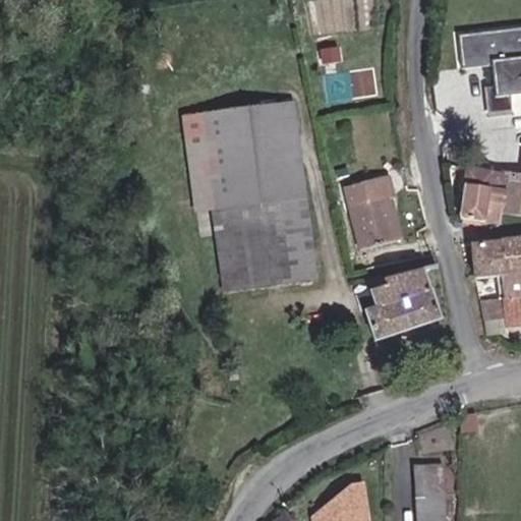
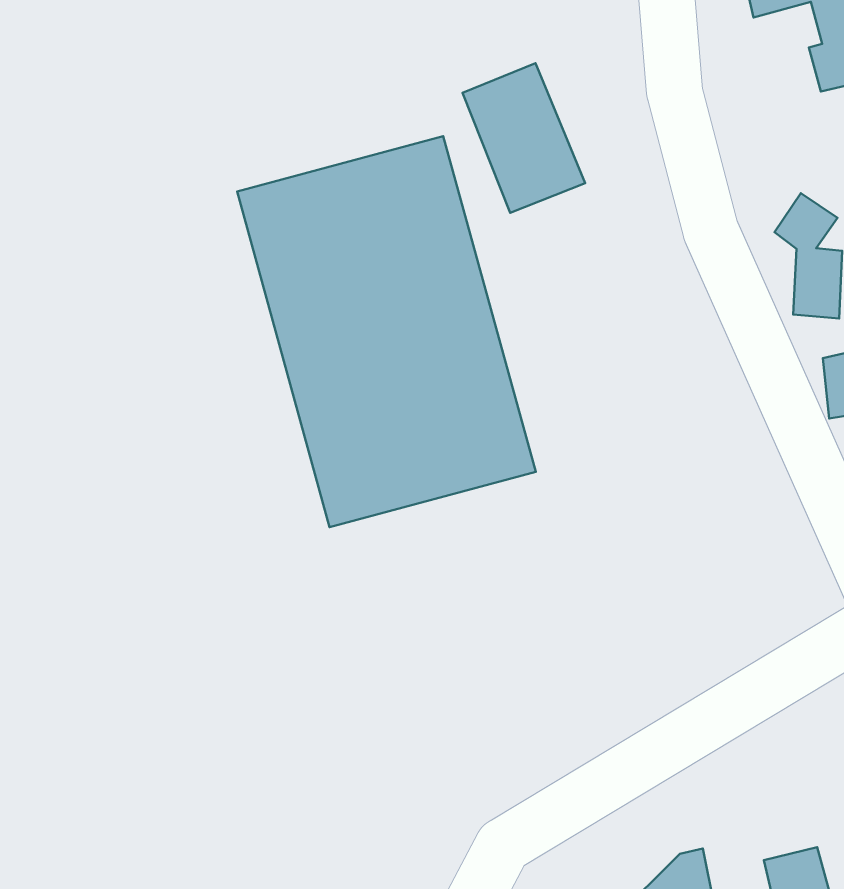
building: [348,171,405,246] -> [462,63,585,213]
building: [359,271,444,342] -> none
building: [406,462,439,496] -> none

